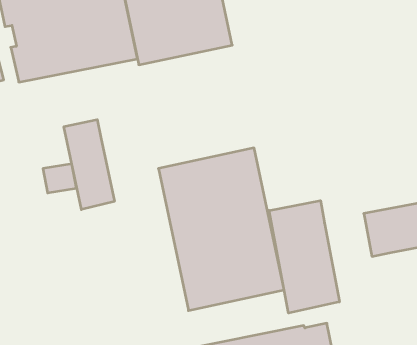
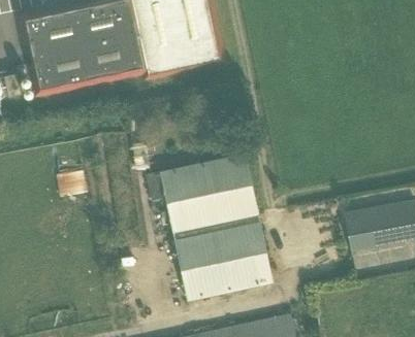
building: [64,120,114,210] -> none
building: [269,201,339,313] -> none

